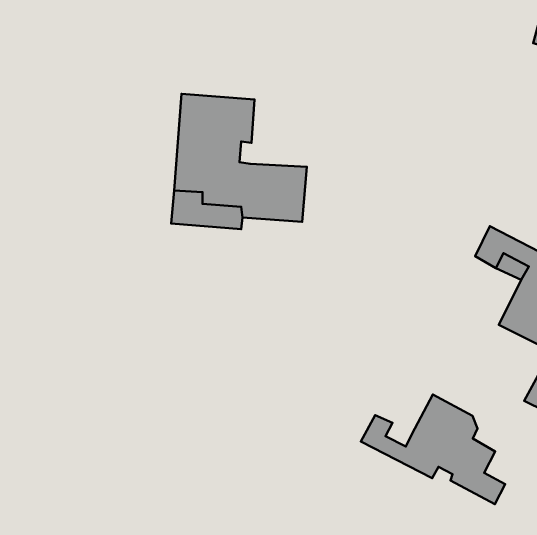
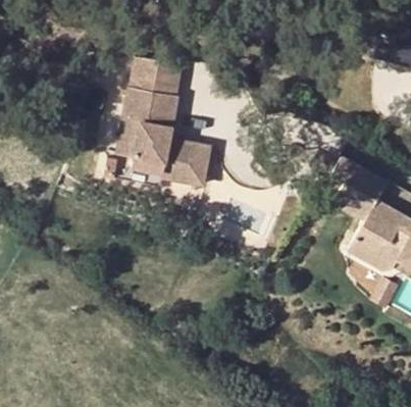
building: none -> [129,64,182,97]
building: [361,394,505,504] -> none

